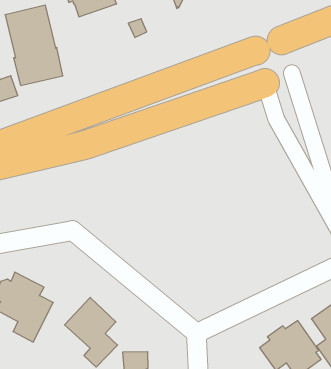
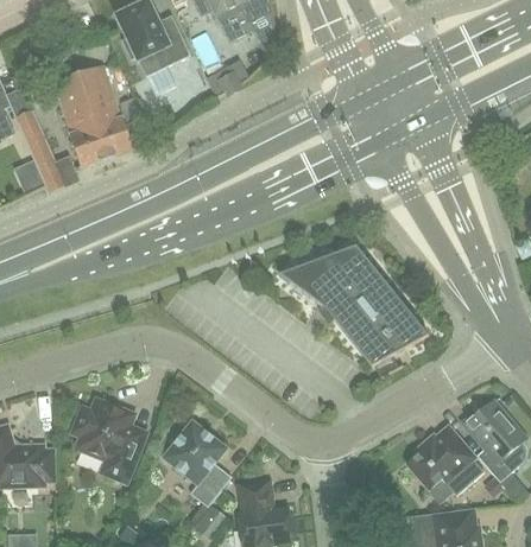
building: none -> [278,244,428,375]

